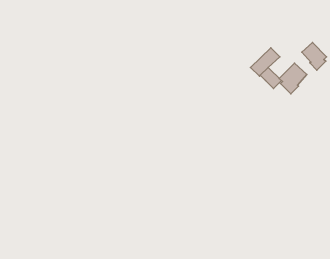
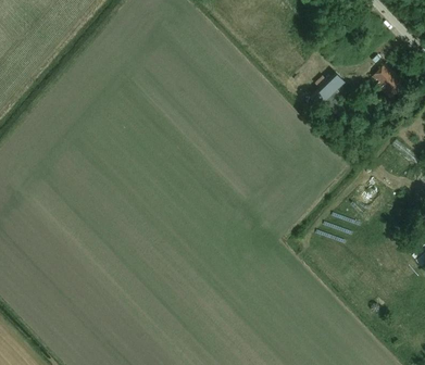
building: [279,63,307,94] -> none

